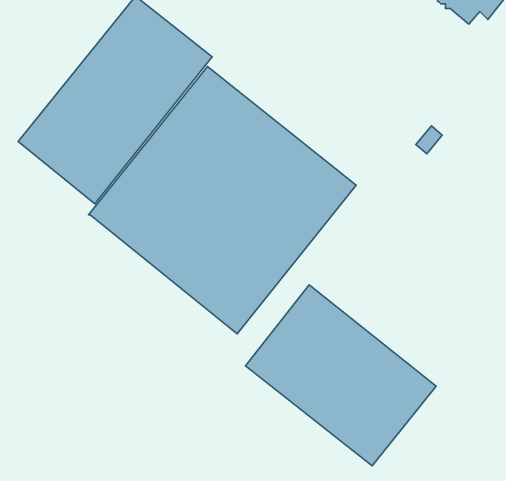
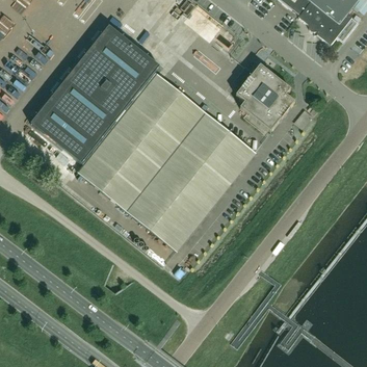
building: none -> [236,63,294,131]
building: [245,285,436,466] -> none

